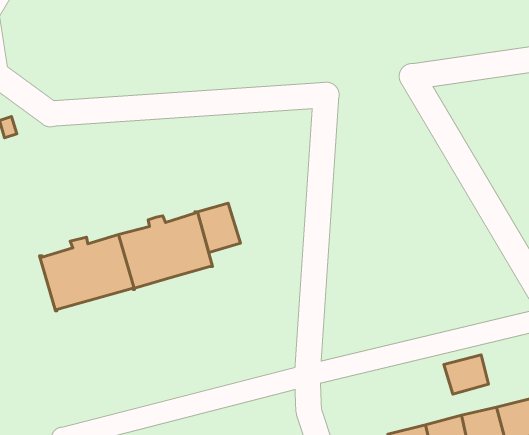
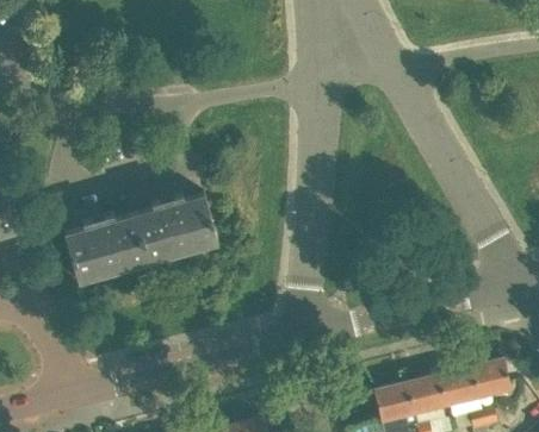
building: [198,203,241,252] -> none
building: [444,355,489,394] -> none

